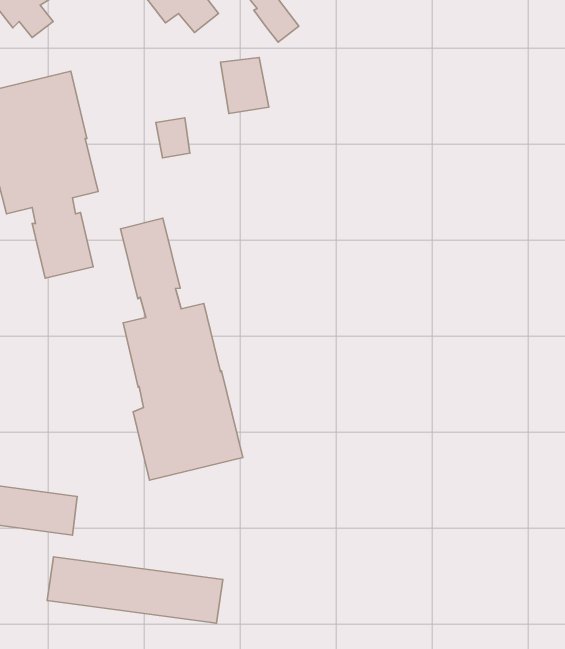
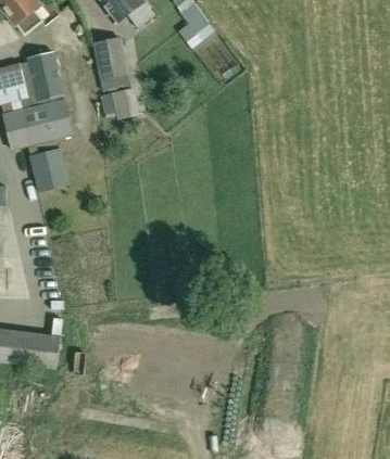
building: [221,57,269,114] -> [95,38,127,76]
building: [121,218,243,480] -> none
building: [47,557,223,623] -> none

